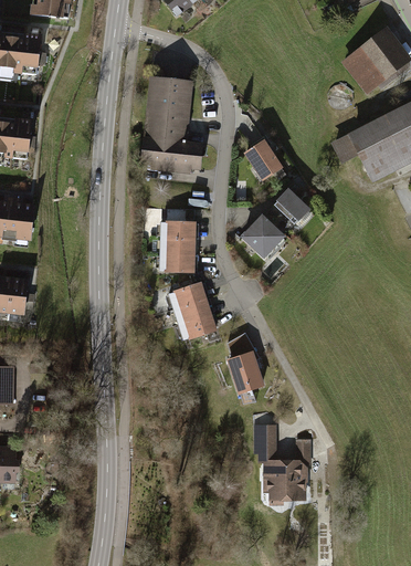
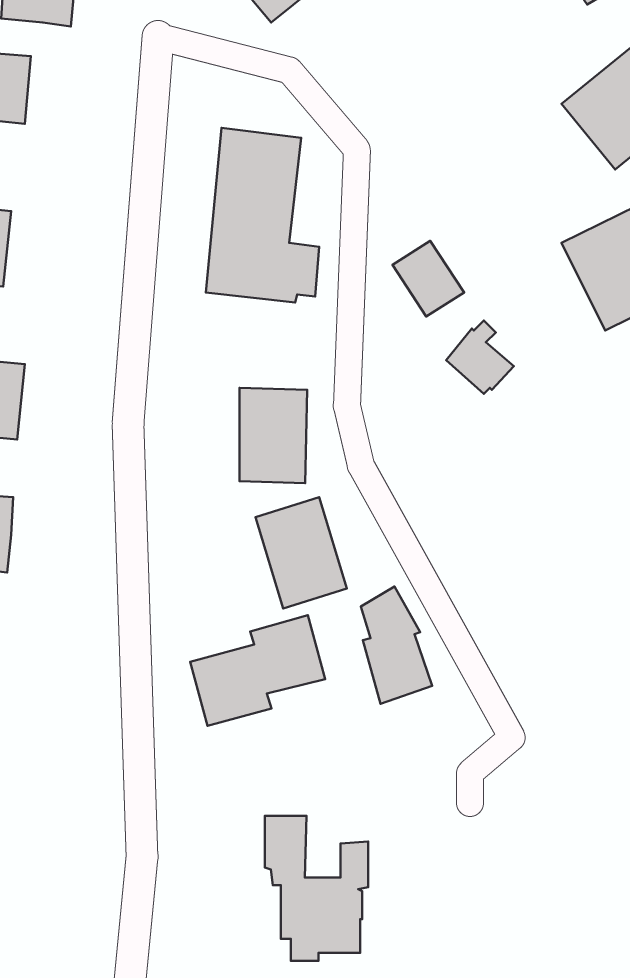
building: [240,212,285,255] -> none
building: none -> [190,615,325,726]
building: [252,419,309,500] -> [265,816,368,961]

